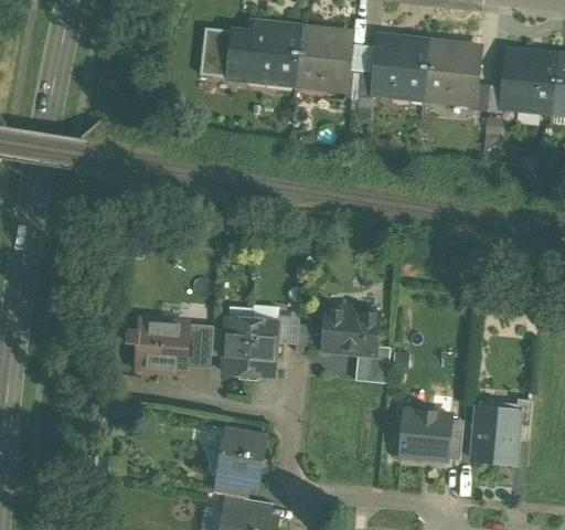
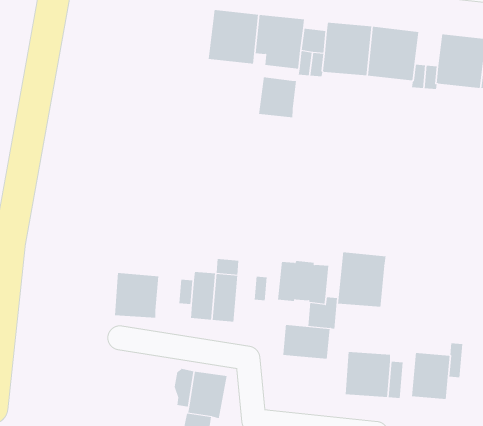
building: [198,28,247,78] -> none
building: none -> [258,76,297,118]
building: none -> [337,251,386,307]
building: [183,324,211,364] -> none
building: none -> [283,324,330,360]

